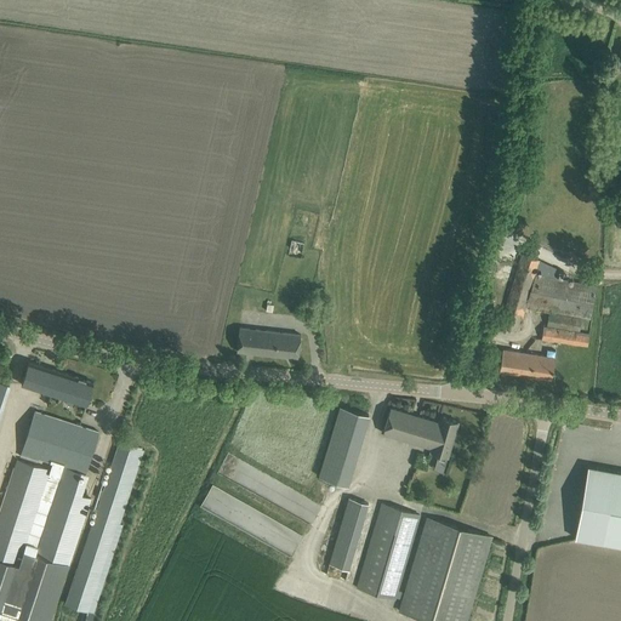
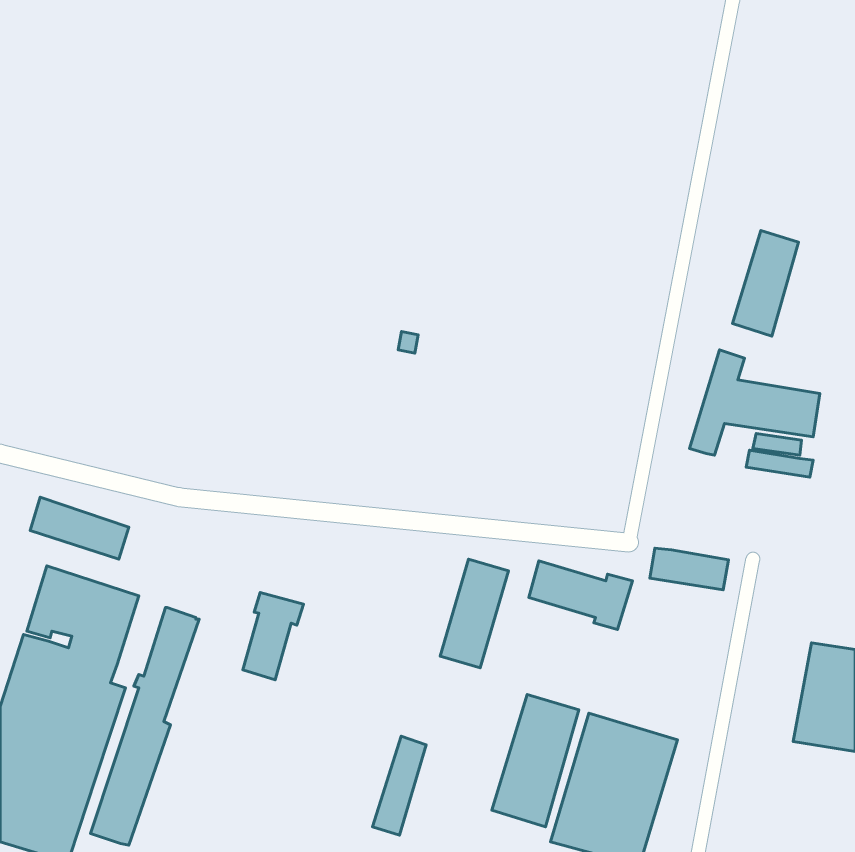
building: none -> [732,230,799,336]
building: [237,330,301,360] -> none
building: [498,352,556,382] -> [650,548,728,590]
building: none -> [243,592,303,680]
building: [329,500,368,571] -> [373,736,426,835]

